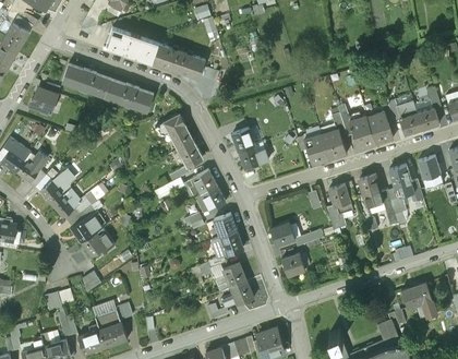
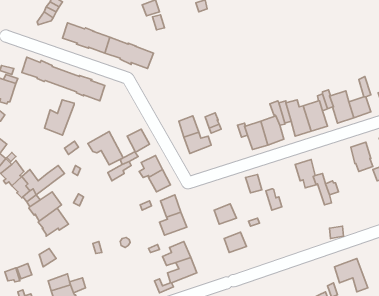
building: none -> [45,100,74,135]
building: [154,115,192,151] -> [88,131,123,165]
building: [388,167,411,196] -> none
building: [328,186,352,214] -> none

